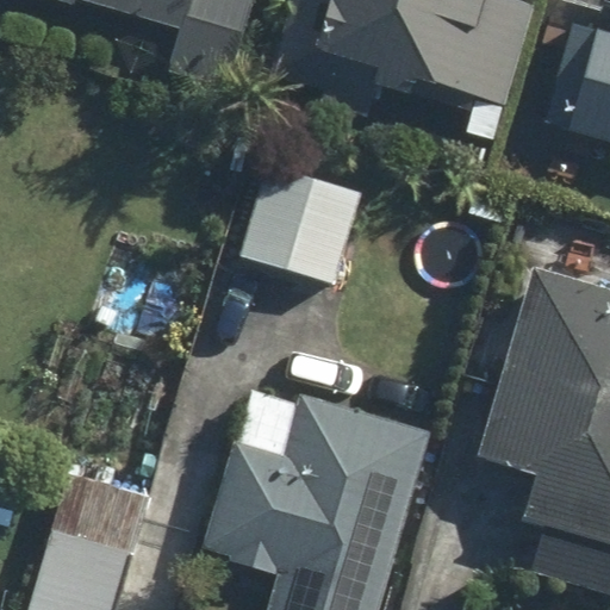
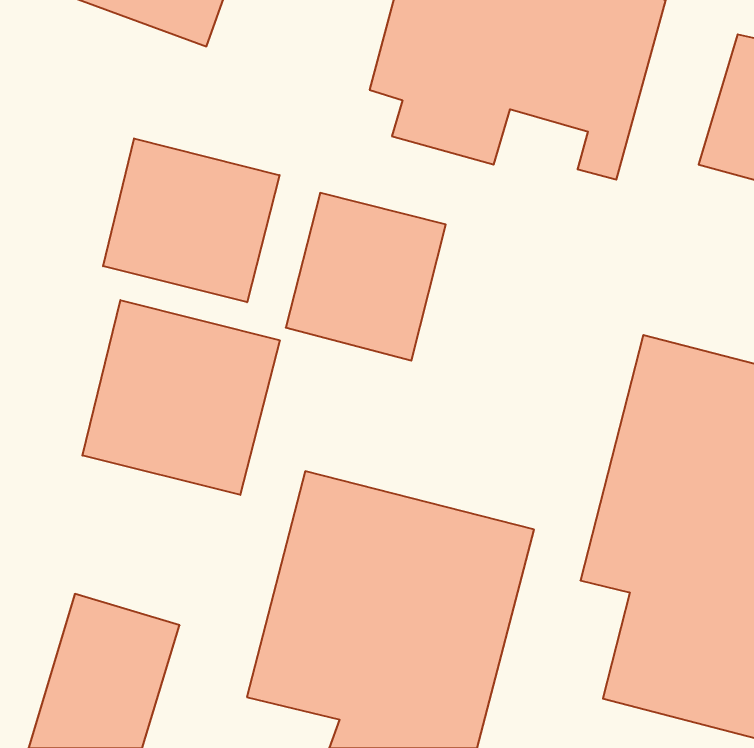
building: none -> [103,138,280,302]
building: none -> [82,300,280,495]

